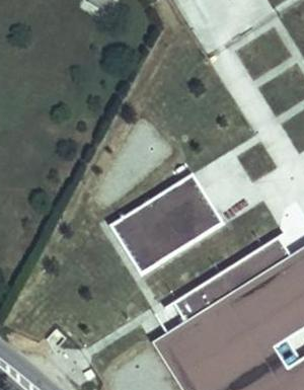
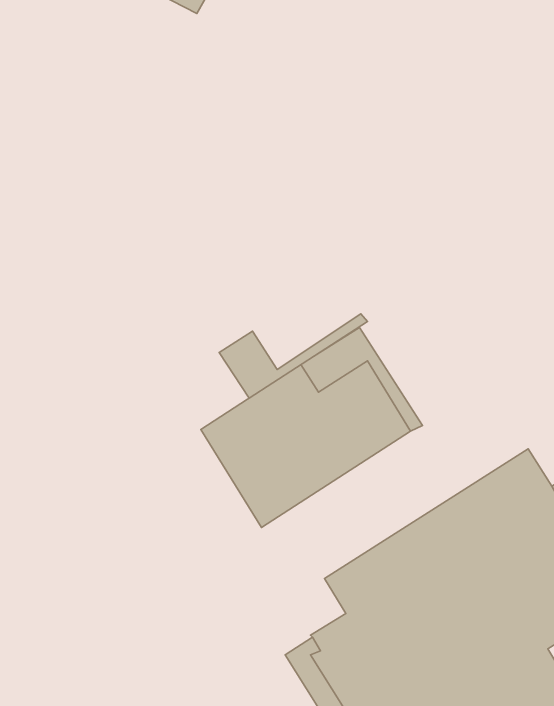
building: none -> [219,314,368,398]

